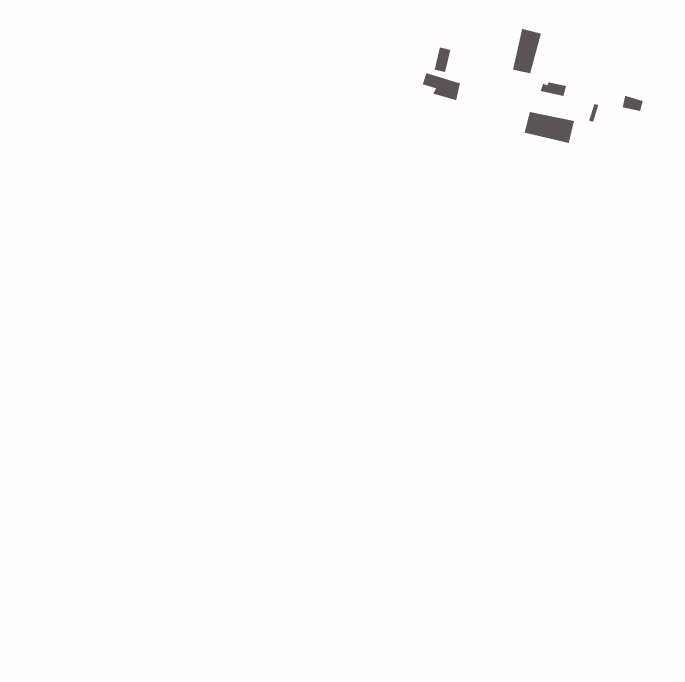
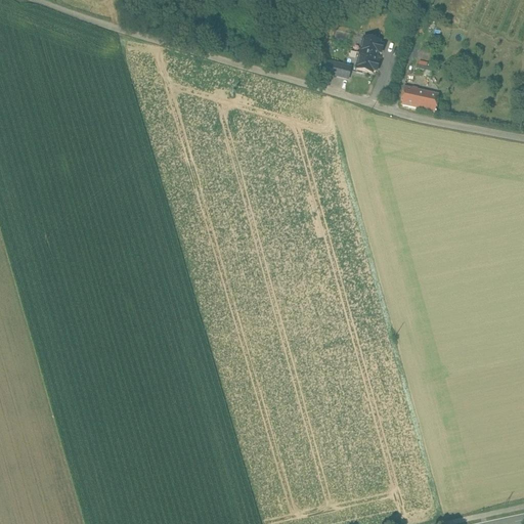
building: [512,28,542,74] -> [356,35,379,70]

